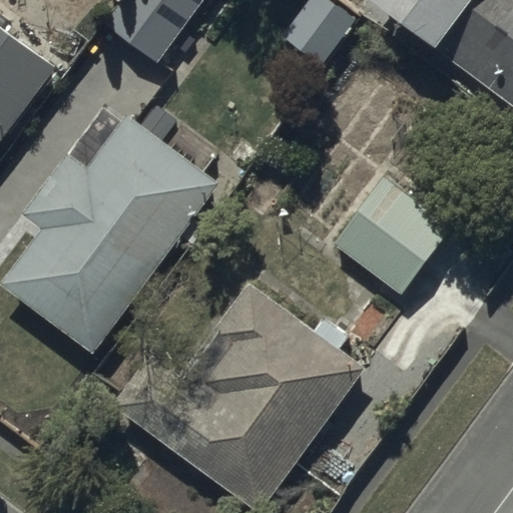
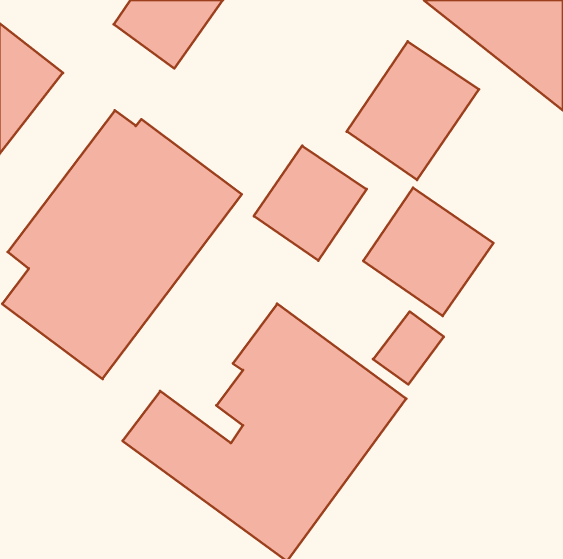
building: none -> [347,41,479,180]
building: none -> [254,146,367,261]

